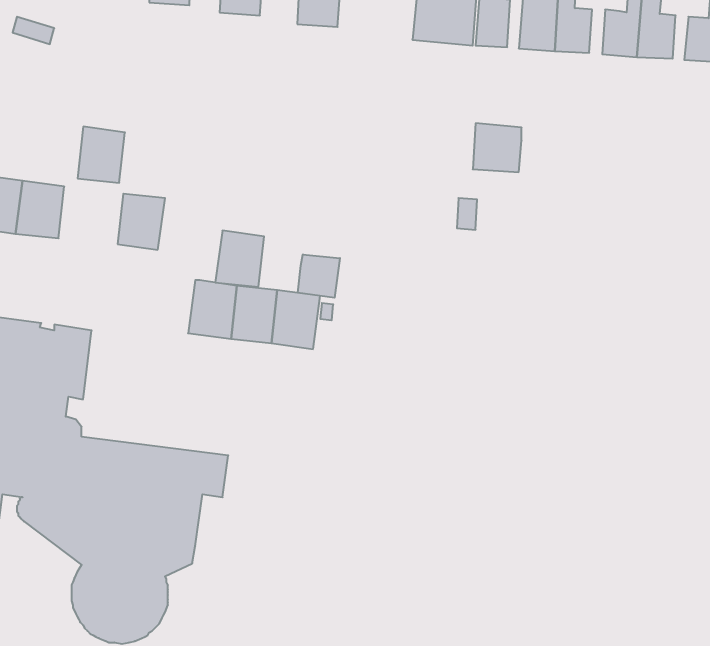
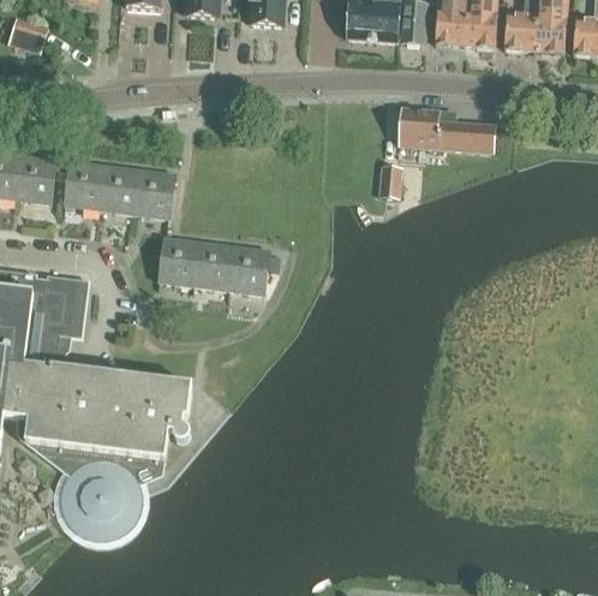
building: [78,127,125,183] -> [65,160,104,207]
building: none -> [435,120,494,151]
building: [215,231,264,287] -> [133,168,174,215]
building: [298,254,340,298] -> none

